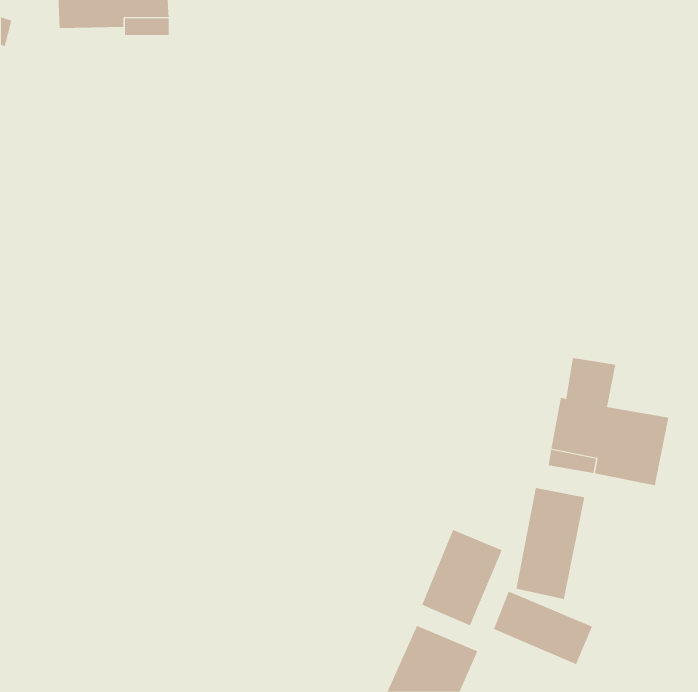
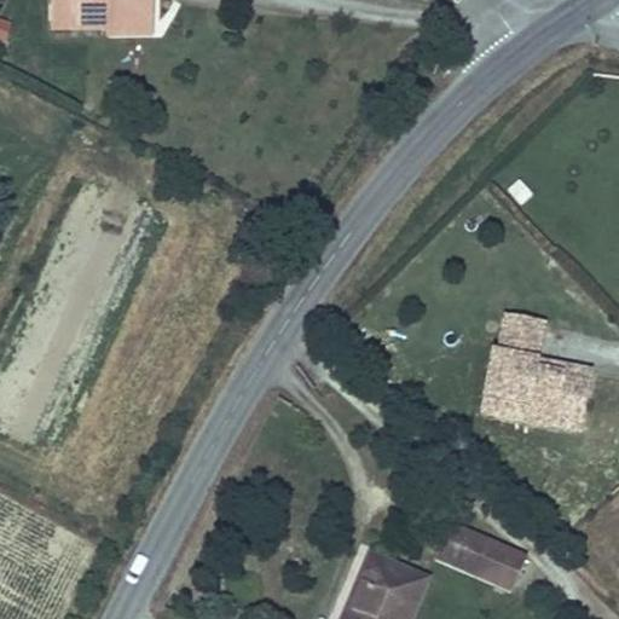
building: [516,487,585,600] -> none
building: [422,529,502,626] -> none

